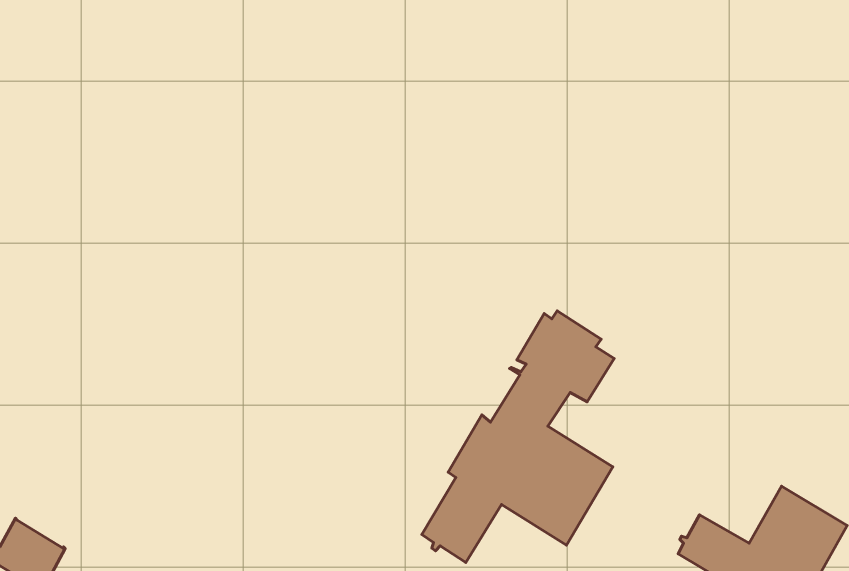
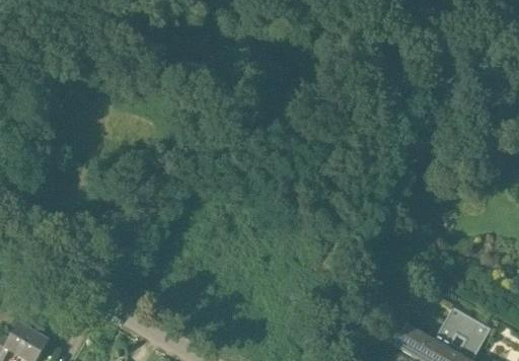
building: [422,311,614,563] -> none

